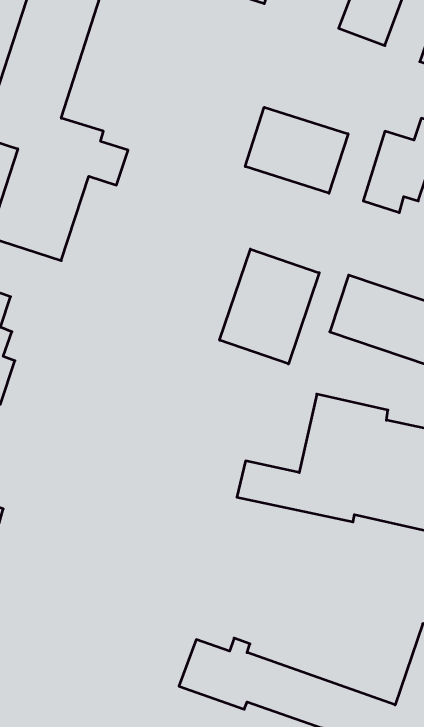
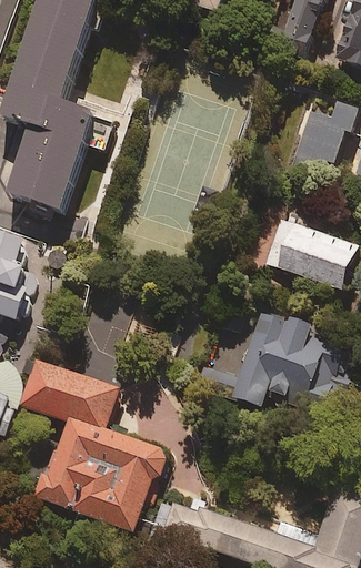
building: [245,107,348,193] -> none
building: [220,249,319,364] -> none
building: none -> [20,358,167,531]

